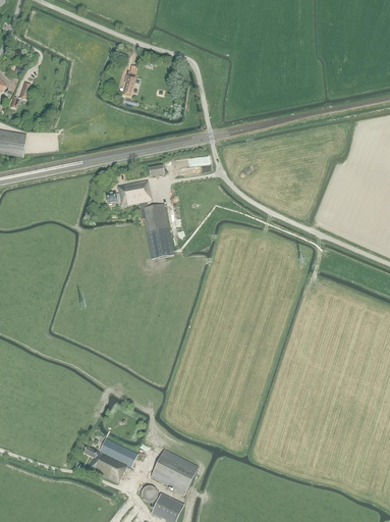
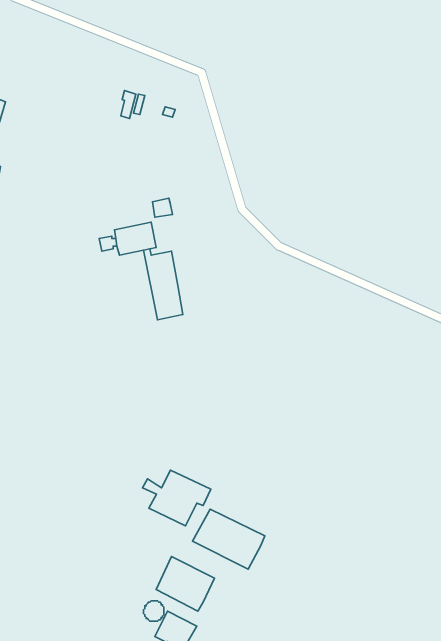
building: none -> [193,509,265,569]
building: [82,437,137,482] -> [143,470,211,526]

